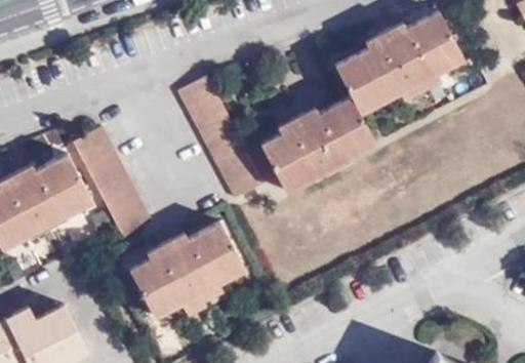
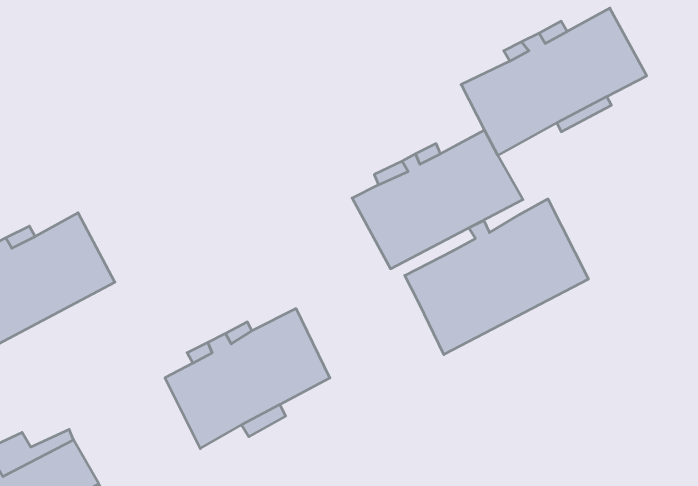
building: [181,79,264,200] -> none
building: [73,128,152,241] -> none
building: none -> [405,199,588,355]

